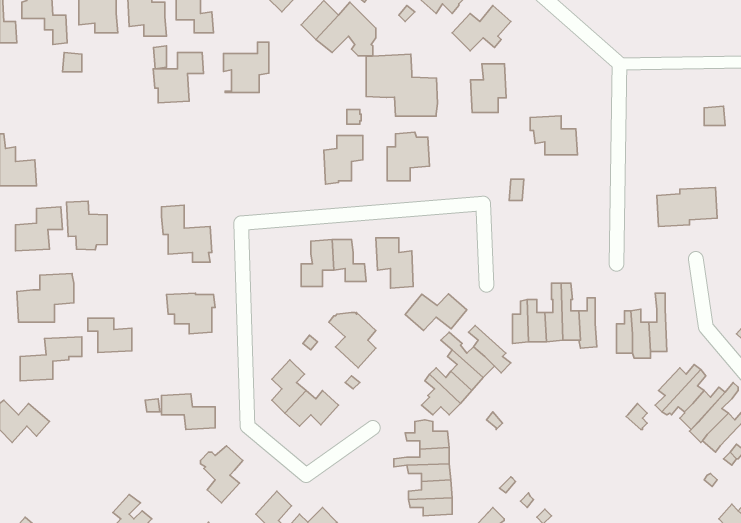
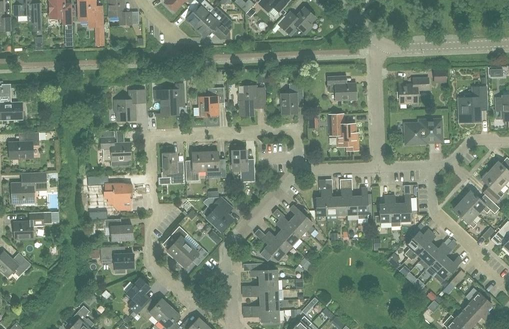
building: [223,42,269,93] -> [155,83,183,114]
building: [153,52,204,103] -> [114,89,145,120]
building: [366,54,438,116] -> none
building: [470,64,506,112] -> [281,83,303,113]
building: none -> [399,77,429,103]
building: none -> [329,114,358,150]
building: [67,201,107,250] -> none
building: none -> [162,153,185,183]
building: [405,294,467,331] -> none
building: [88,318,132,352] -> [105,219,132,240]
building: none -> [139,297,171,320]

